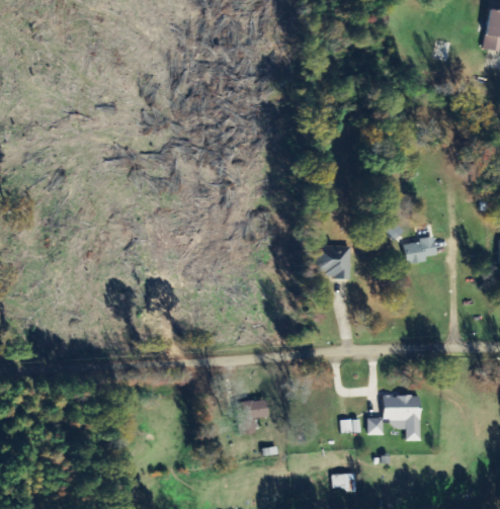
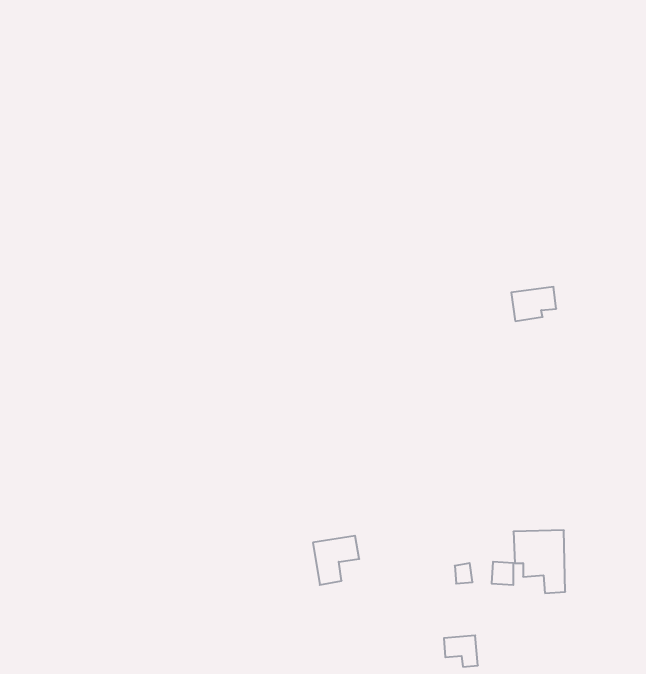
building: [404,238,437,263] -> [511,287,556,321]
building: [318,245,351,276] -> none

